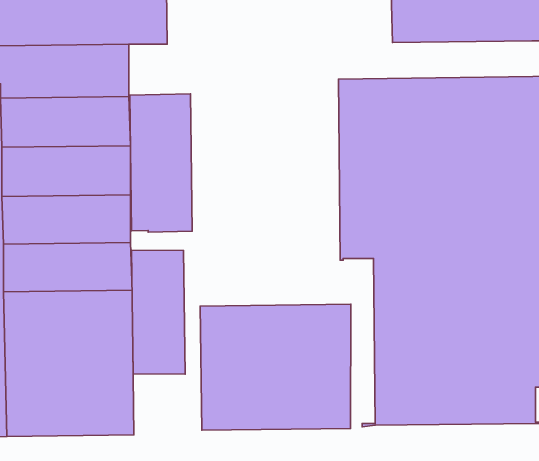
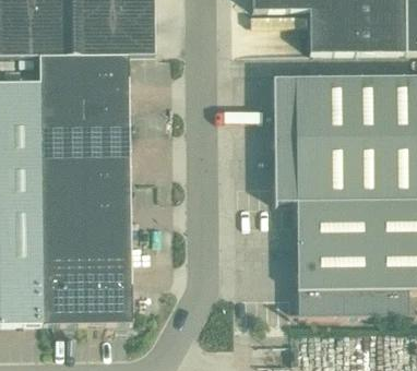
building: [130,94,192,232] -> none
building: [132,250,185,374] -> none
building: [200,304,351,430] -> none

